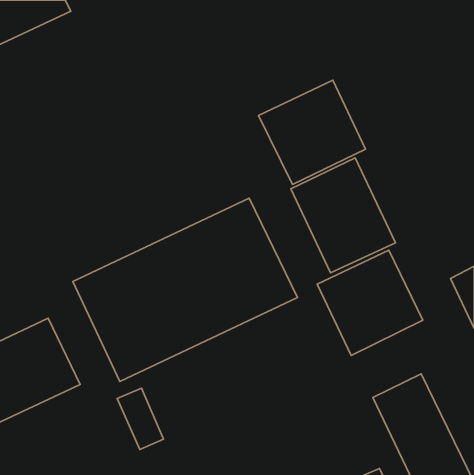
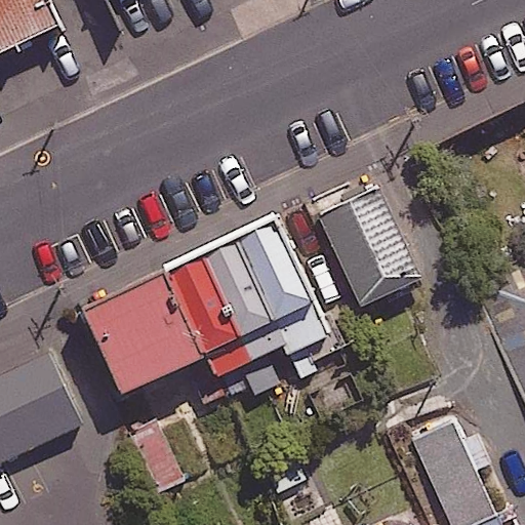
building: [259,80,366,185] -> none
building: [317,250,423,355] -> none

